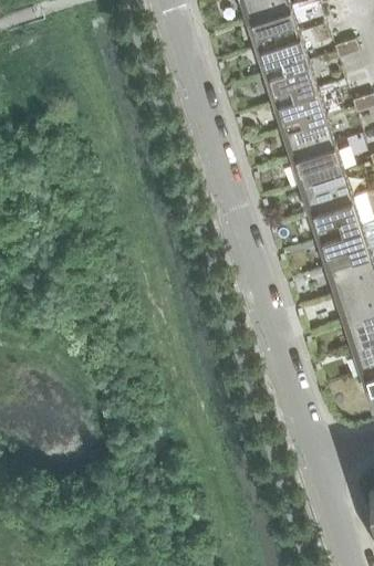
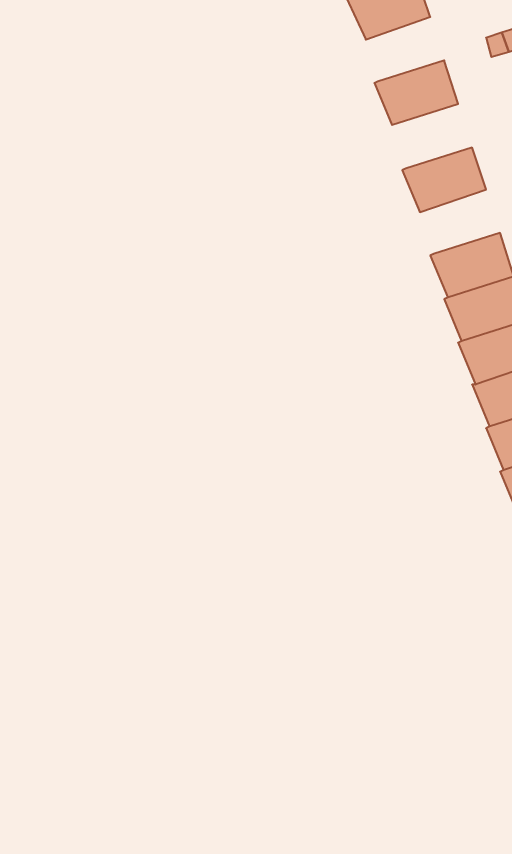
building: [254,31,308,72] -> none
building: [272,86,325,127] -> none
building: [290,140,343,181] -> none

